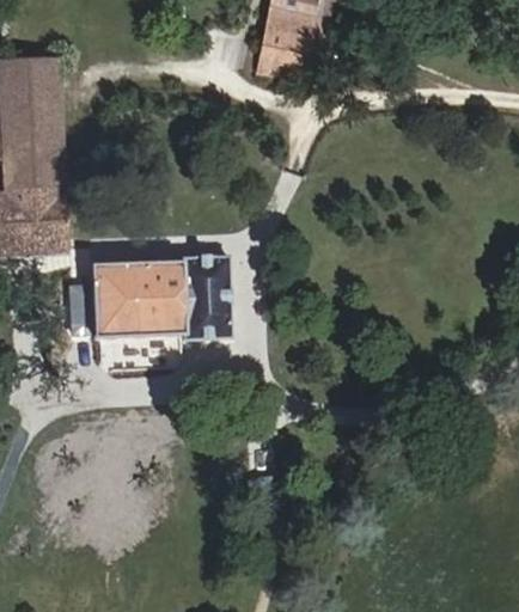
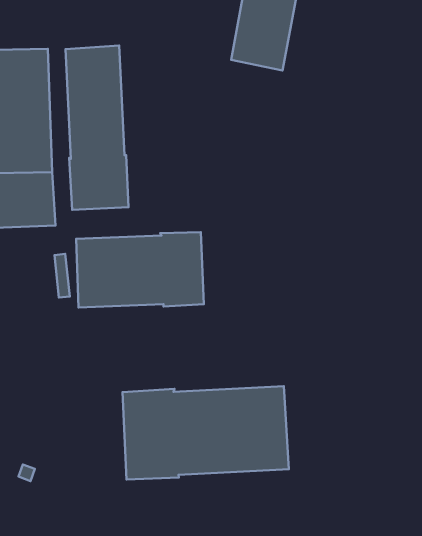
building: none -> [65,46,128,210]
building: none -> [122,386,289,480]

